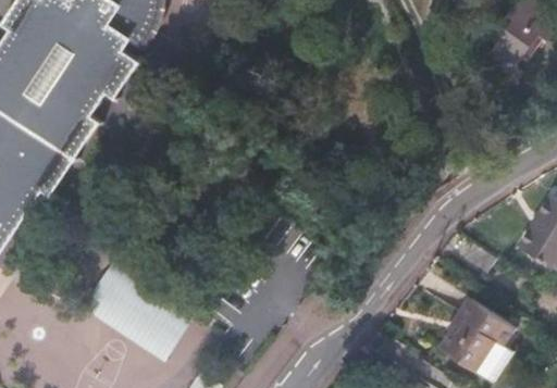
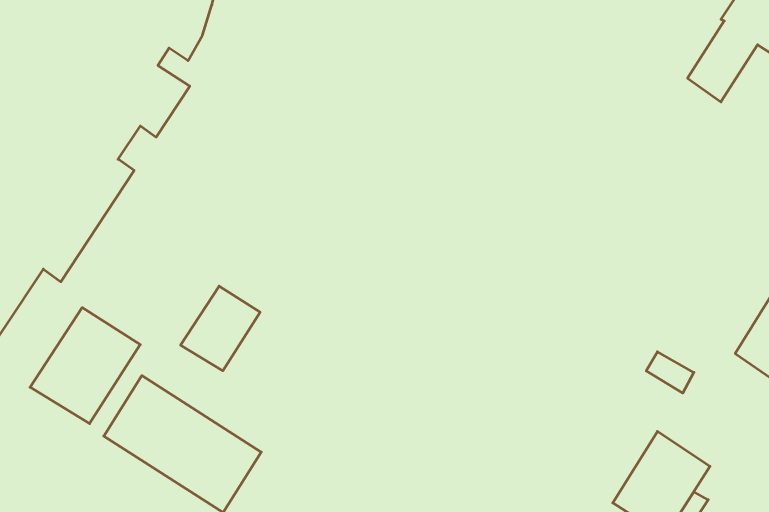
building: none -> [181,286,260,371]
building: none -> [30,308,140,424]

